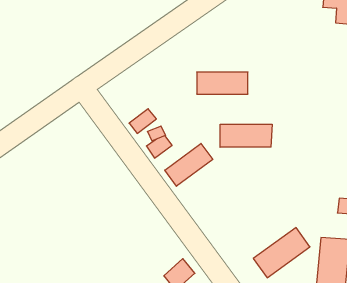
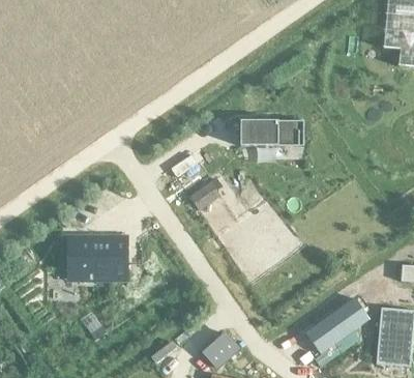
building: [220,124,272,147] -> none
building: [165,143,213,186] -> none
building: none -> [68,234,126,281]

